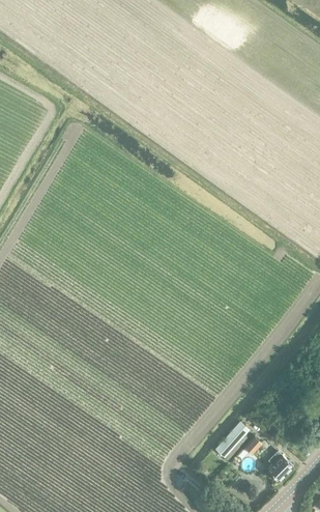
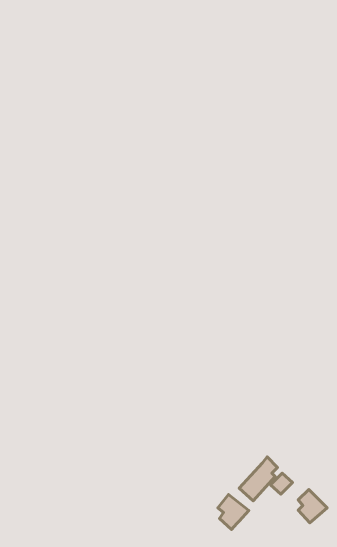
building: none -> [218,495,249,530]

